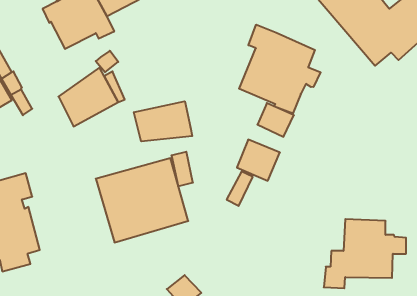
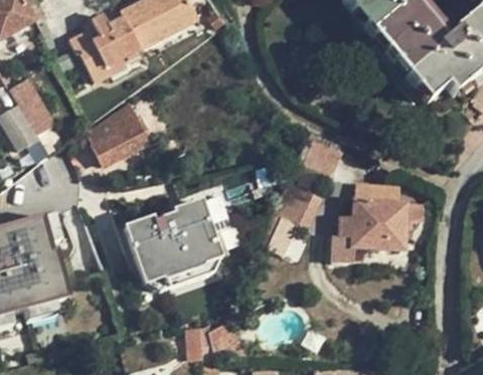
building: [239,25,321,113] -> none
building: [134,101,192,141] -> none
building: [324,219,406,288] -> [331,183,420,257]

